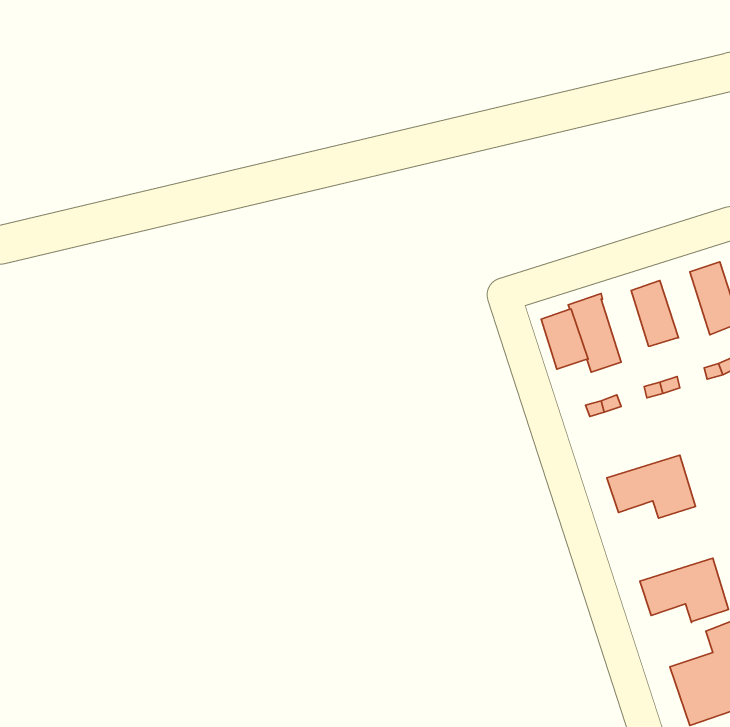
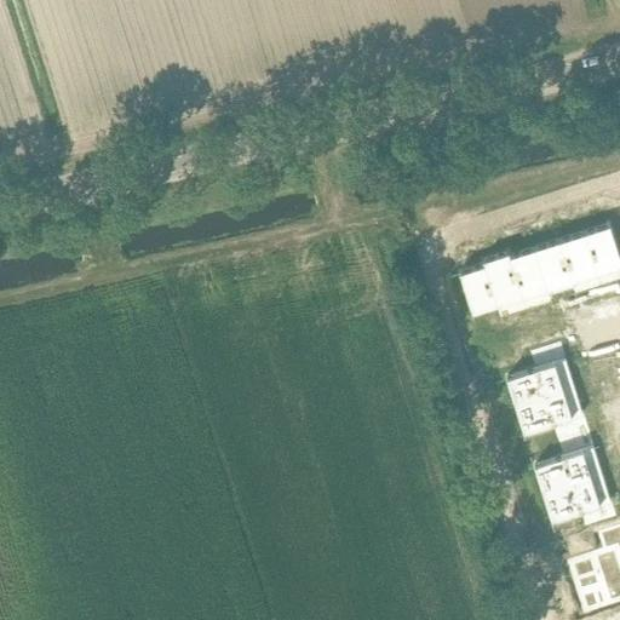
building: none -> [559,234,602,295]
building: none -> [510,249,553,310]
building: none -> [506,345,576,408]
building: none -> [534,432,604,495]

